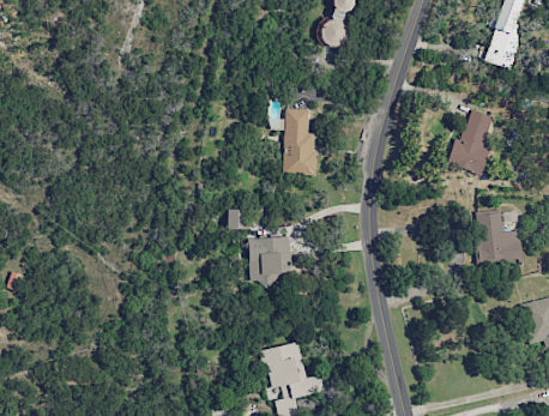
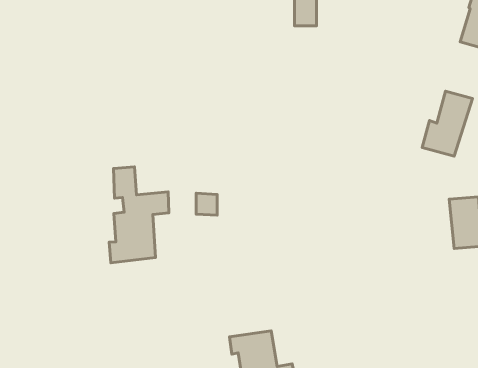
building: [283,109,315,174] -> none
building: none -> [109,167,169,263]
building: [248,236,290,284] -> none

